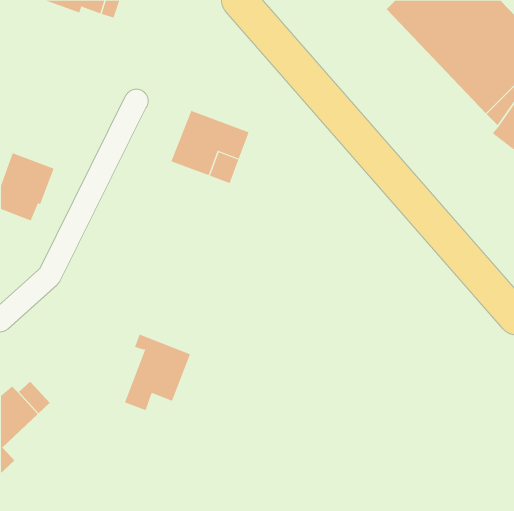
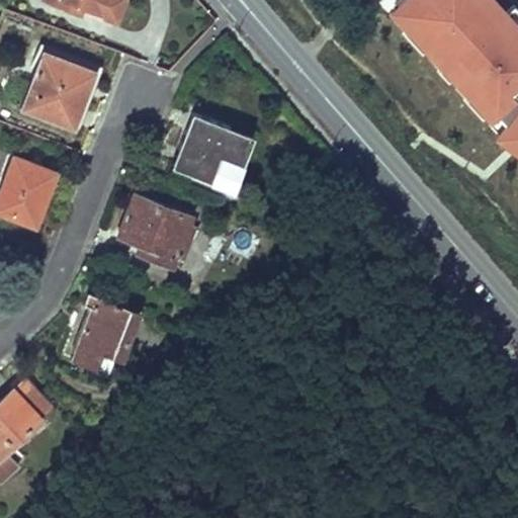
building: none -> [22,53,96,130]
building: none -> [119,196,192,266]
building: [124,334,191,411] -> [73,292,140,369]

